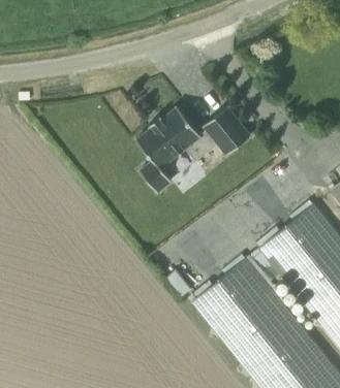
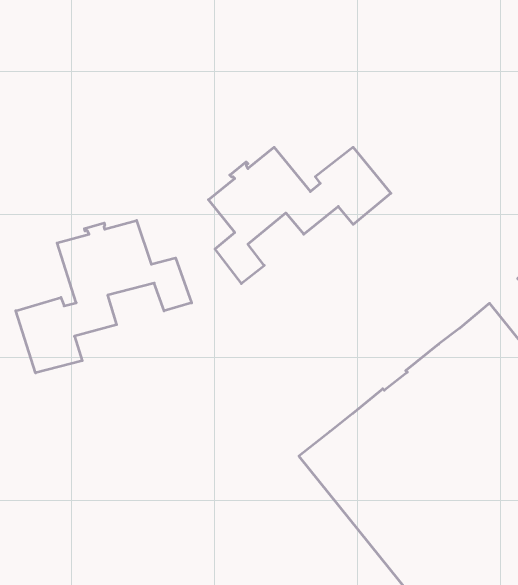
building: none -> [16,220,192,373]

